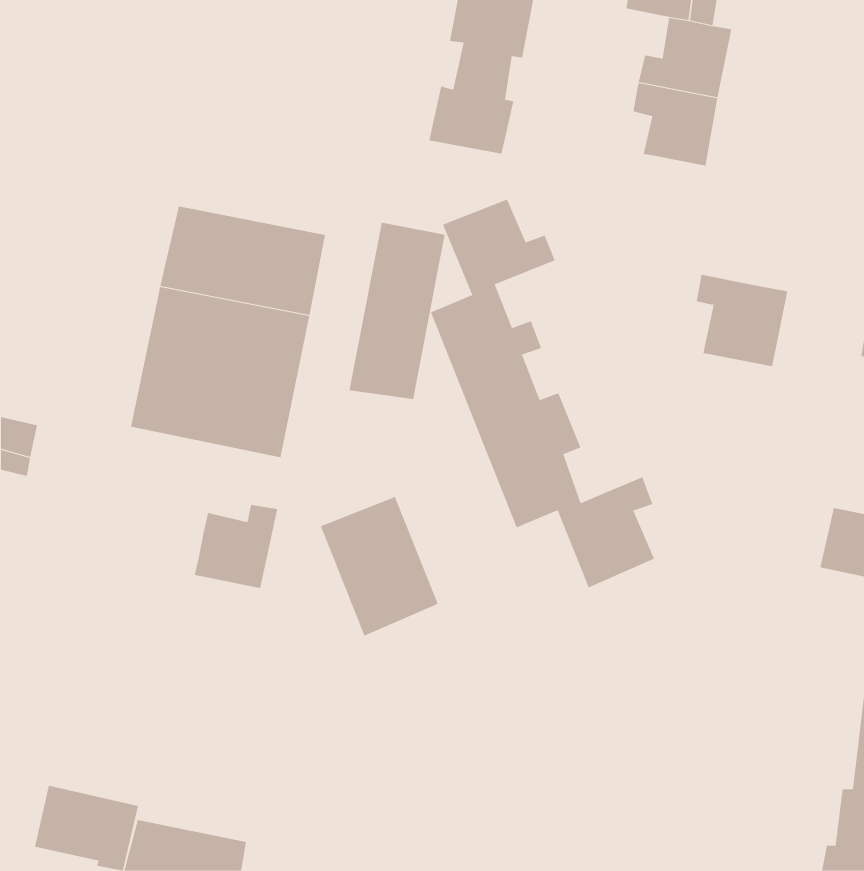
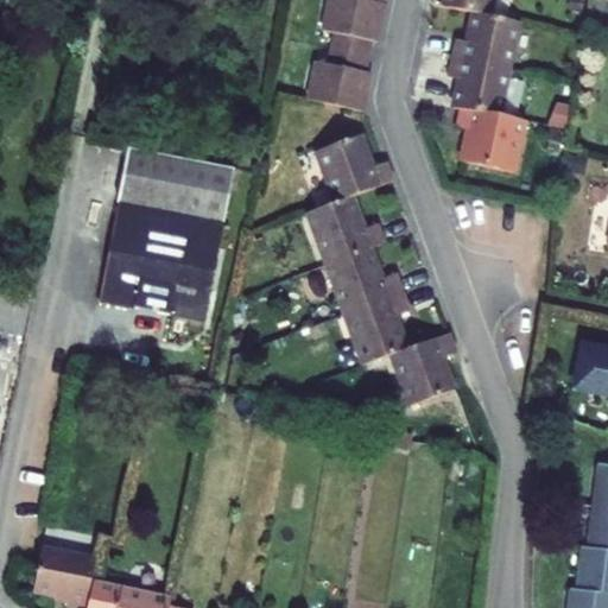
building: [349,222,445,400] -> none
building: [696,274,788,367] -> [458,108,522,172]
building: [320,496,439,636] -> none
building: [194,504,278,589] -> none

